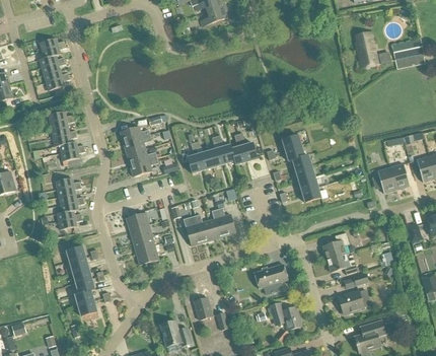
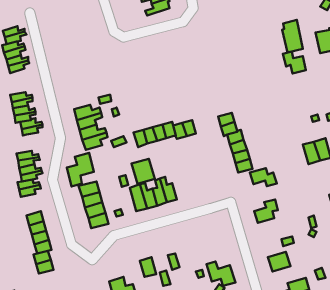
building: none -> [283,51,306,73]
building: none -> [67,153,94,186]
building: none -> [132,159,155,184]
building: [326,254,357,274] -> [250,168,277,186]
building: [253,264,287,293] -> none

